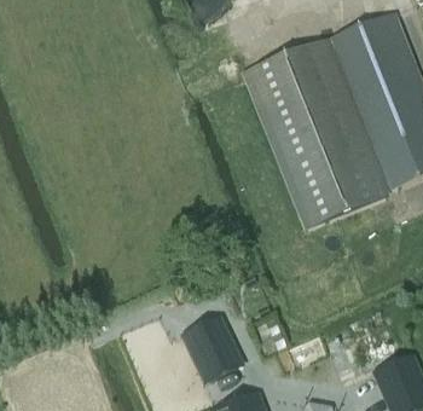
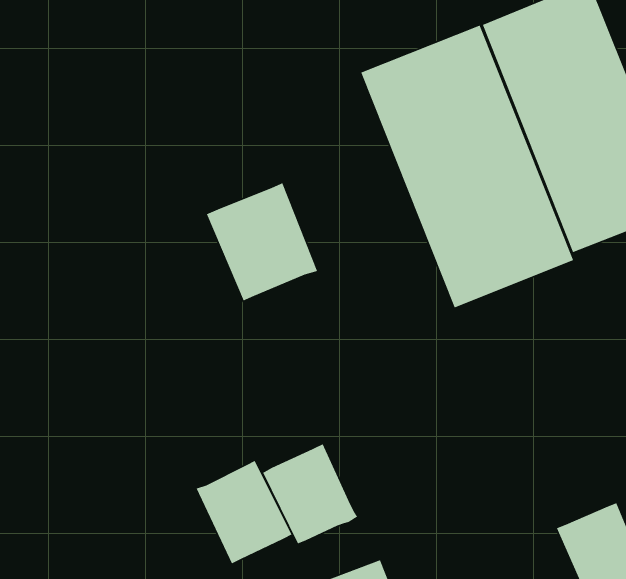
building: none -> [206,182,318,301]
building: none -> [195,460,293,565]

